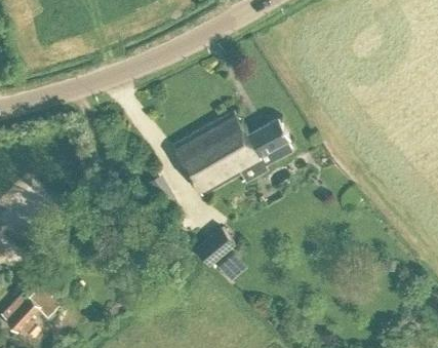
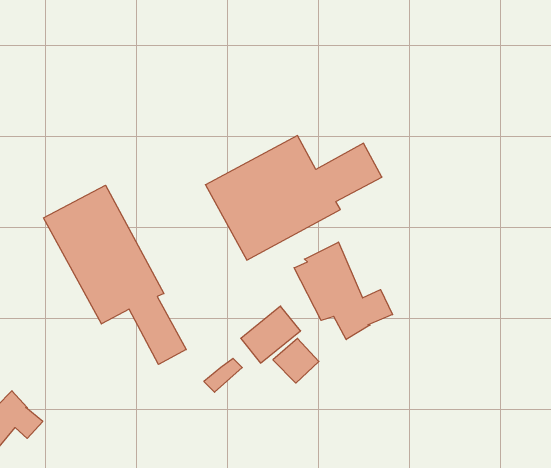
building: none -> [44,185,186,364]
building: none -> [294,242,393,340]

